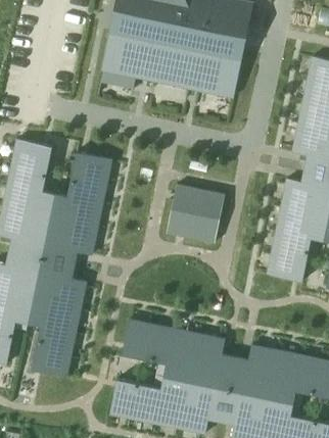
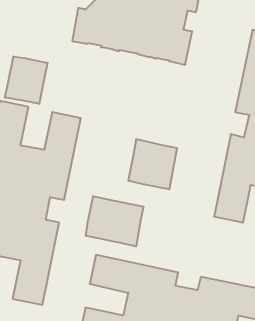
building: none -> [5,56,48,104]
building: none -> [86,196,143,246]

